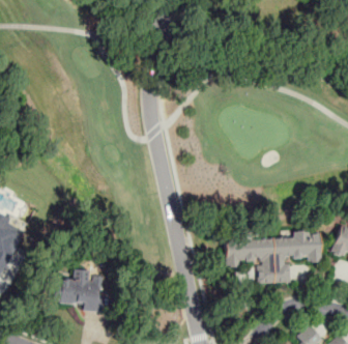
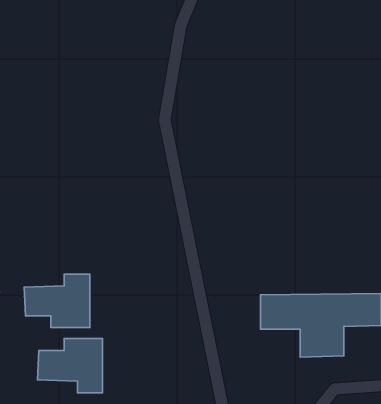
building: none -> [24,274,90,327]

